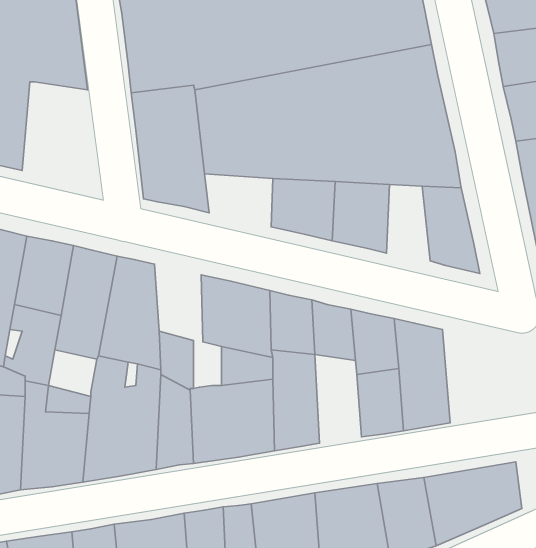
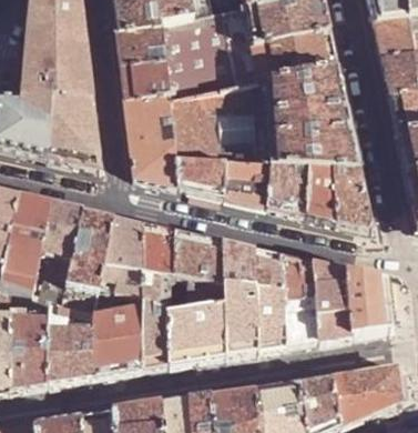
building: none -> [47,92,101,168]
building: none -> [176,158,225,195]
building: none -> [306,165,337,220]
building: none -> [141,222,175,278]
building: none -> [346,269,394,335]
building: none -> [255,286,288,350]

